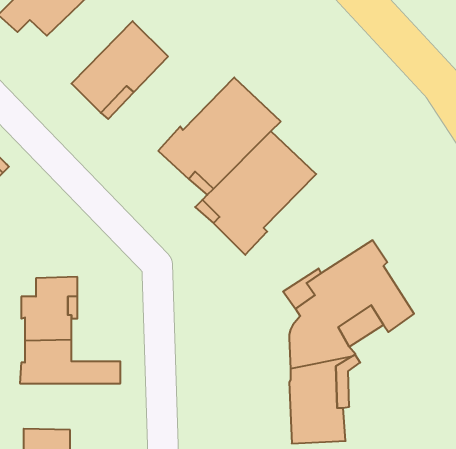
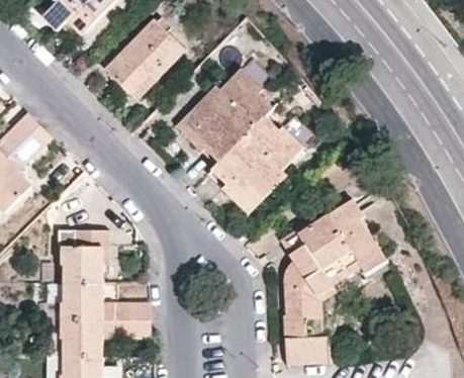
building: none -> [61,318,144,357]

